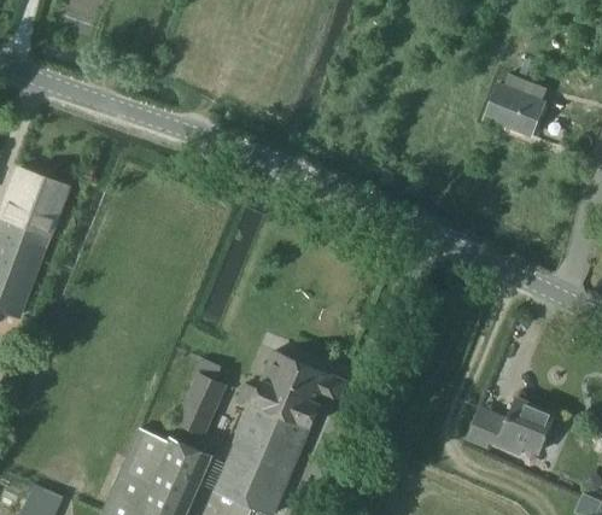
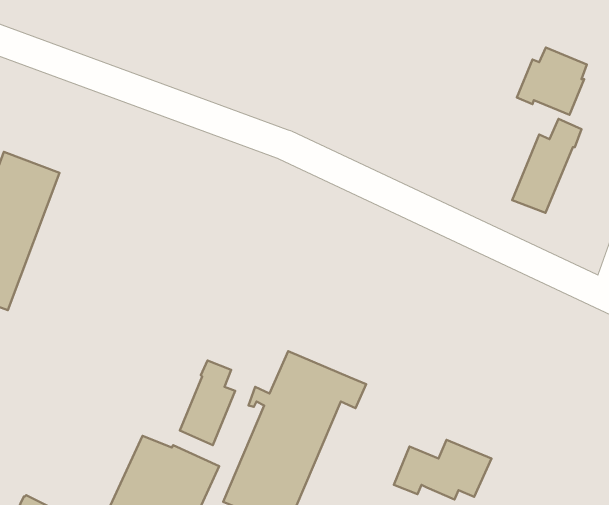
building: none -> [512,119,582,213]
building: [466,400,555,455] -> [394,440,492,499]

